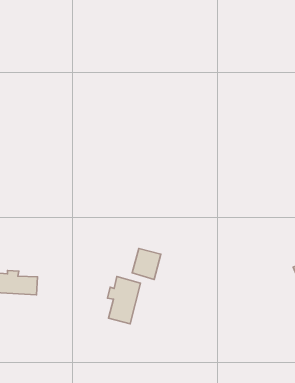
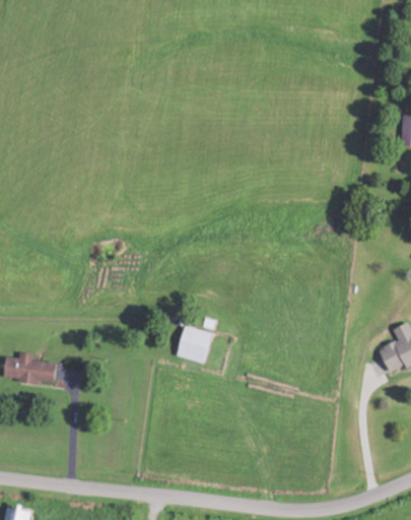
building: [108,277,141,324] -> none

